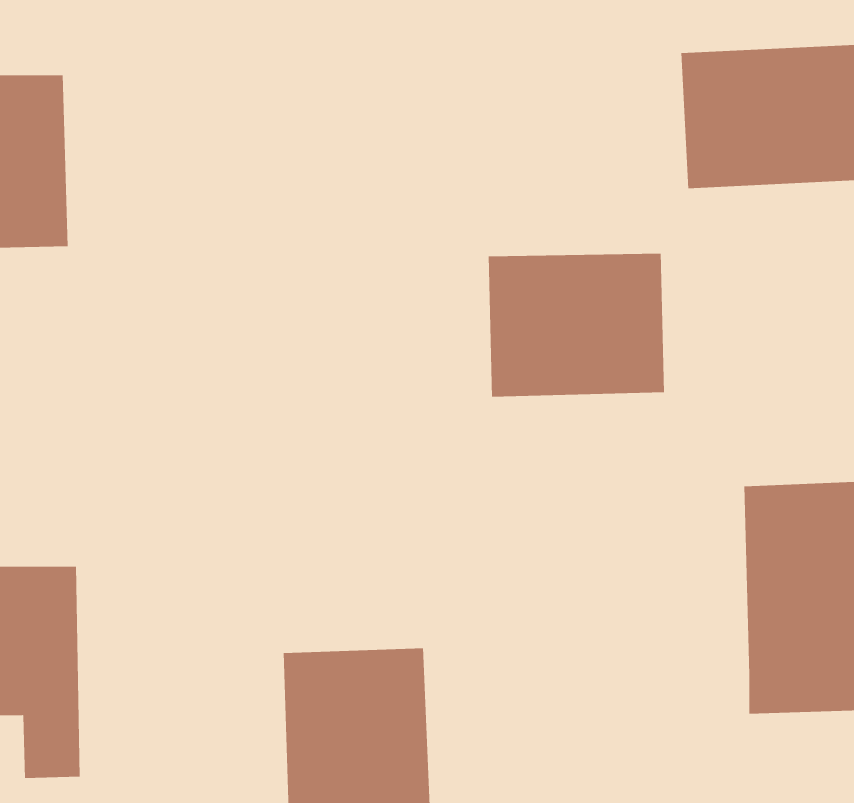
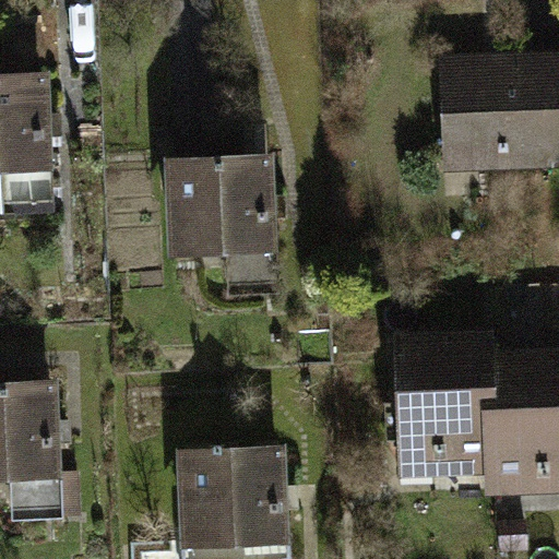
building: none -> [170,158,270,282]
building: [488,253,664,398] -> none
building: none -> [400,328,485,471]

